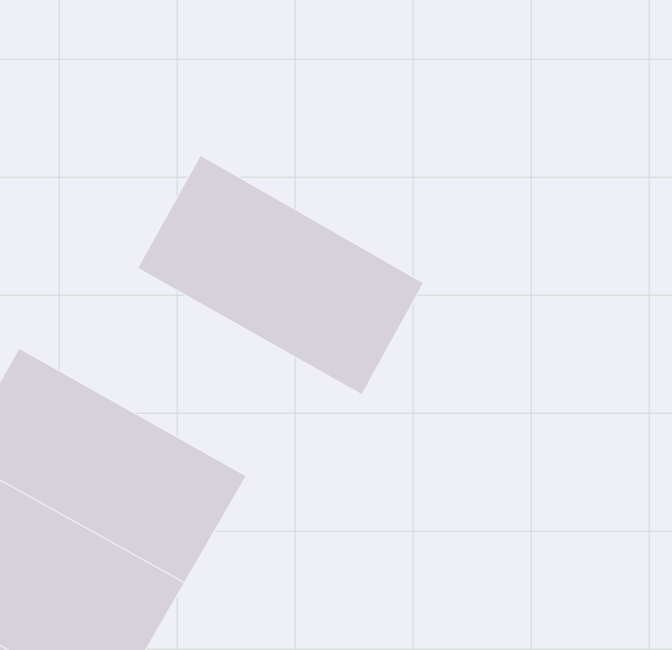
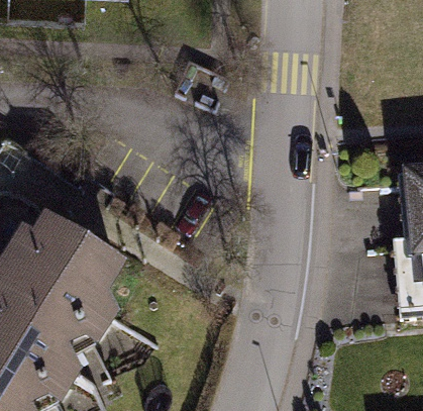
building: [137,155,424,395] -> none

